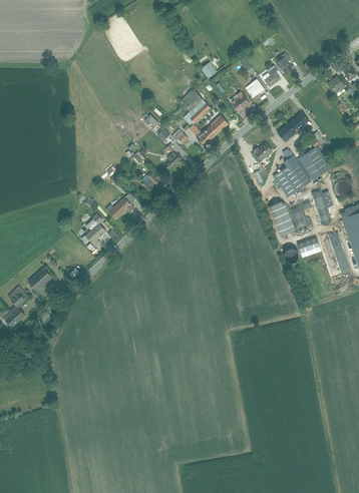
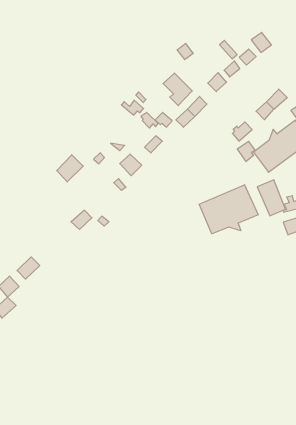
building: [106,195,133,222] -> [57,155,83,182]
building: none -> [199,185,258,234]

